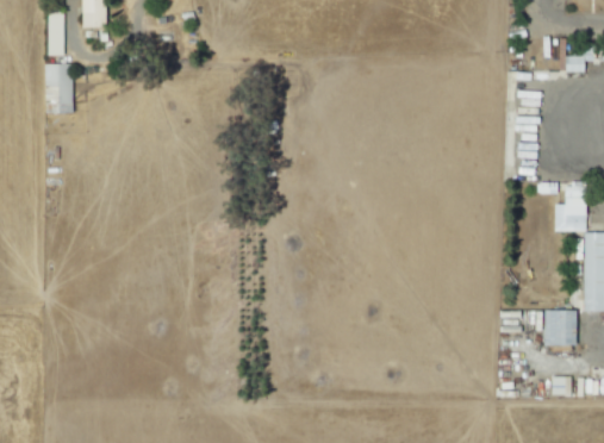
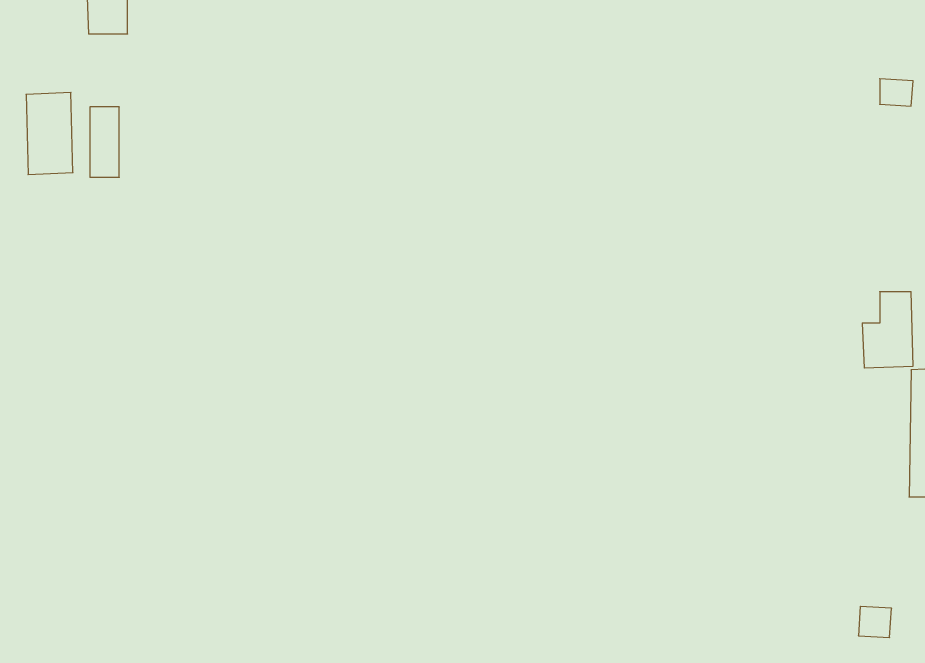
building: [48,13,66,56] -> [90,107,119,177]
building: [546,310,577,347] -> none

